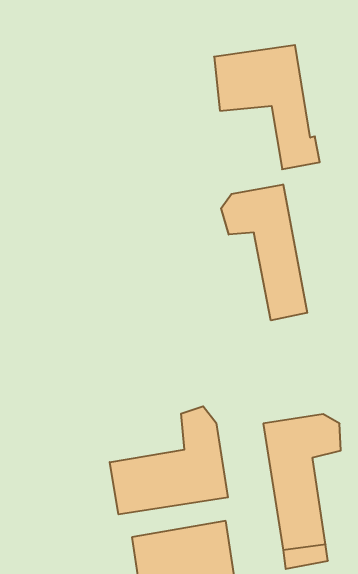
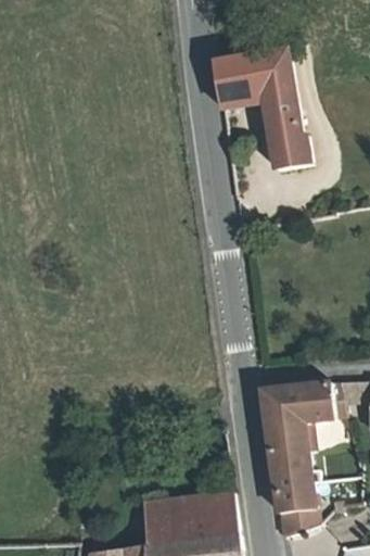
building: [221,184,307,320] -> none
building: [110,406,228,514] -> none

